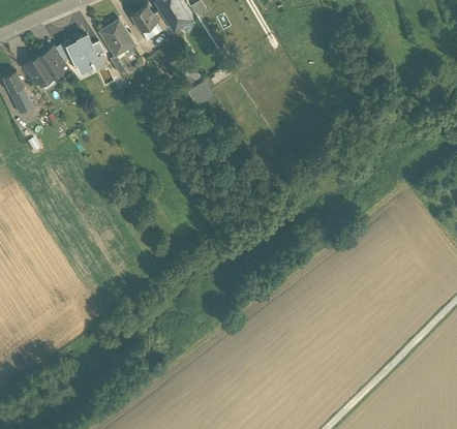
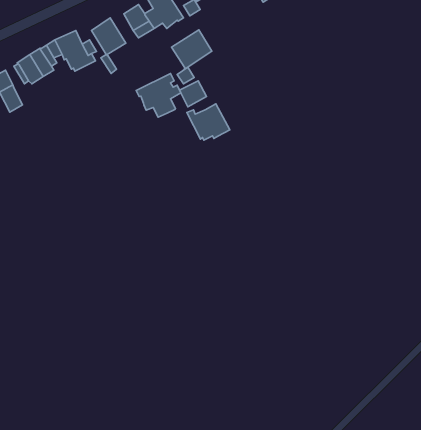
building: none -> [172,30,212,69]
building: none -> [136,73,181,117]
building: none -> [187,104,230,140]

